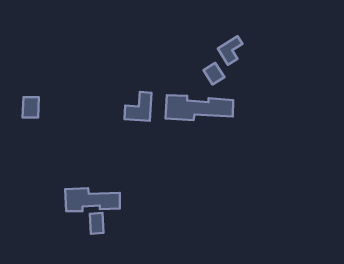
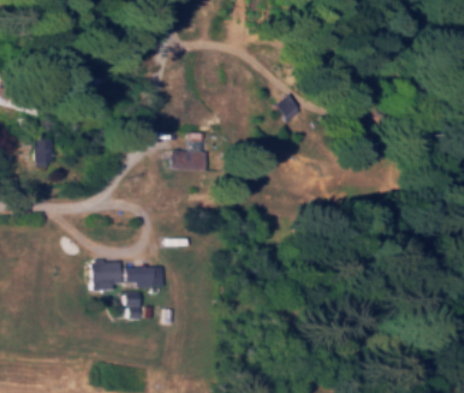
building: [218,36,242,65] -> none
building: [165,95,233,120] -> none

